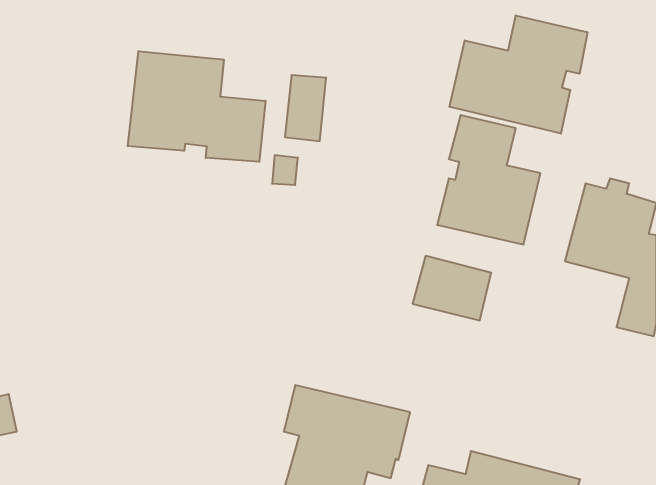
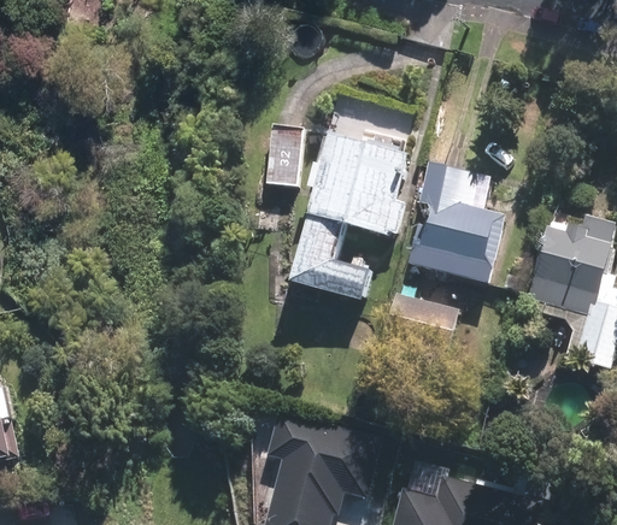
building: [450,15,587,134] -> none
building: [128,51,265,162] -> none
building: none -> [287,135,407,301]

